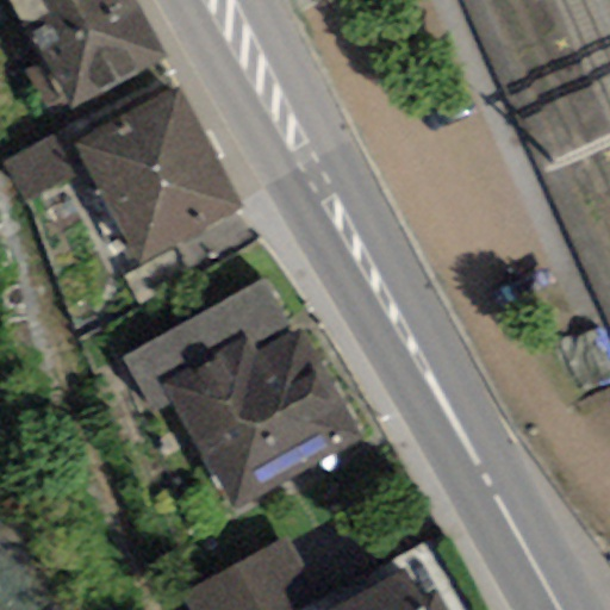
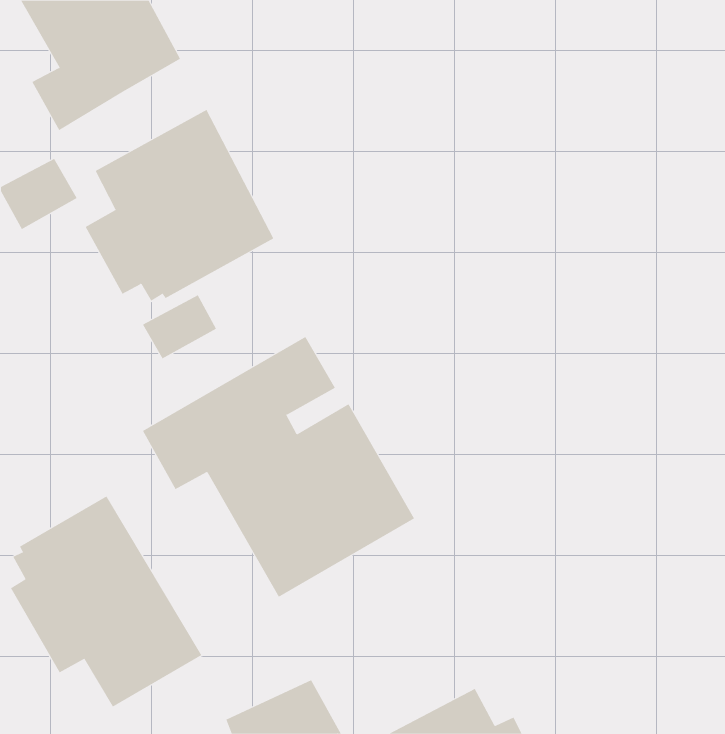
building: none -> [10,496,202,707]

